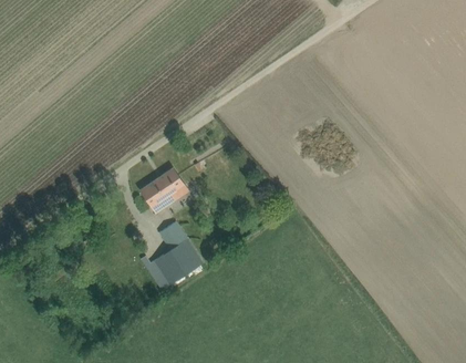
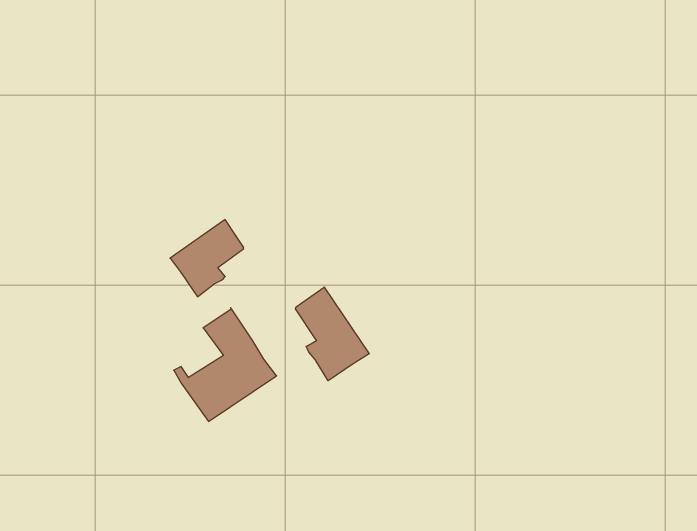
building: none -> [296,287,369,381]

